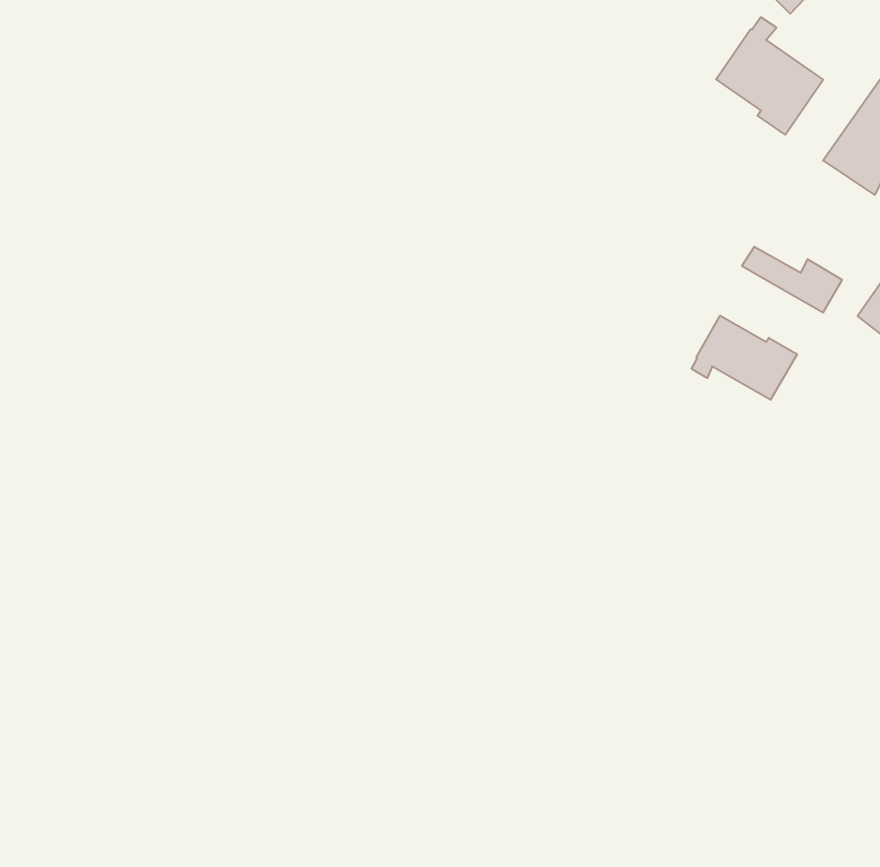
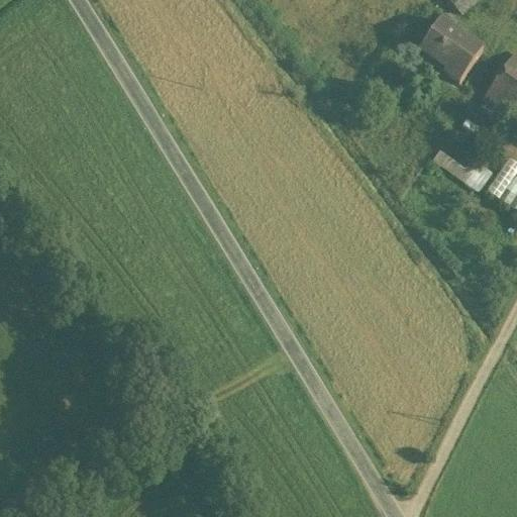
building: [692,316,797,400] -> none

